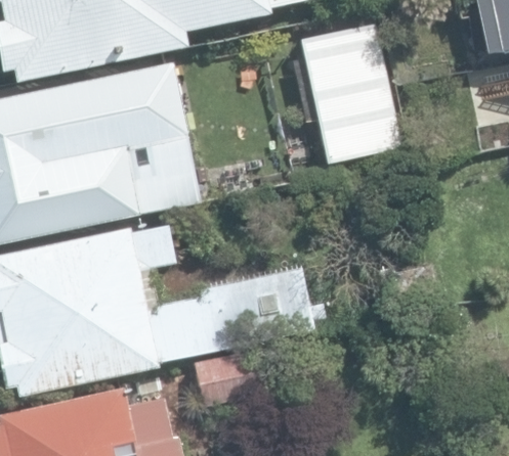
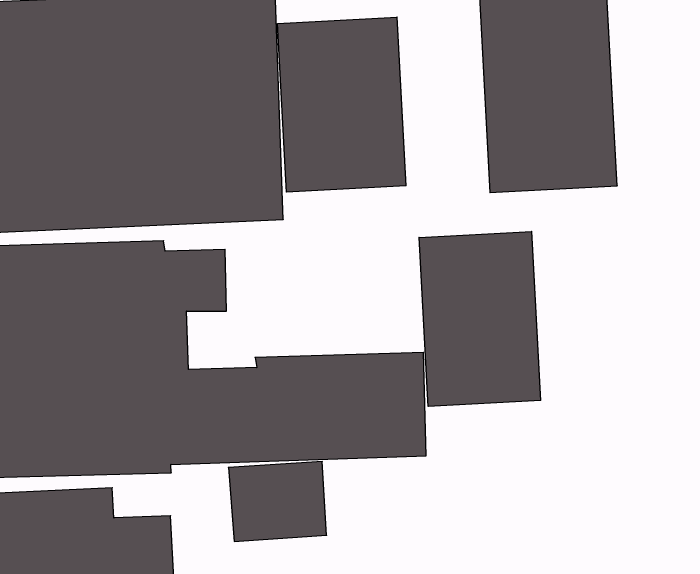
building: none -> [278,17,406,192]
building: none -> [419,231,541,406]

